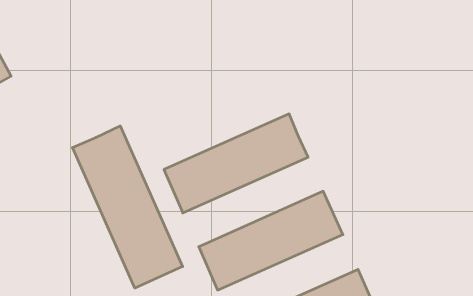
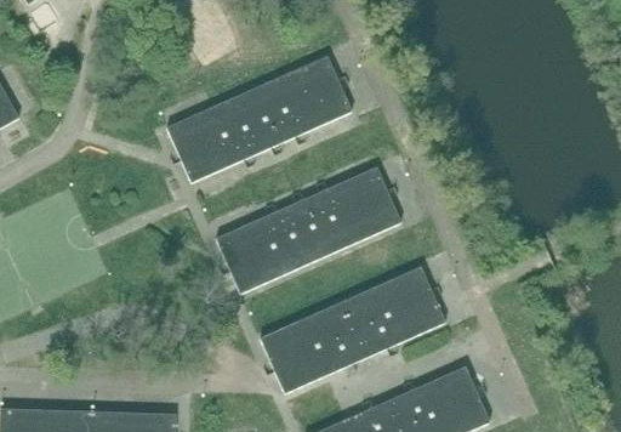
building: none -> [166,56,352,182]
building: [72,126,183,288] -> none

